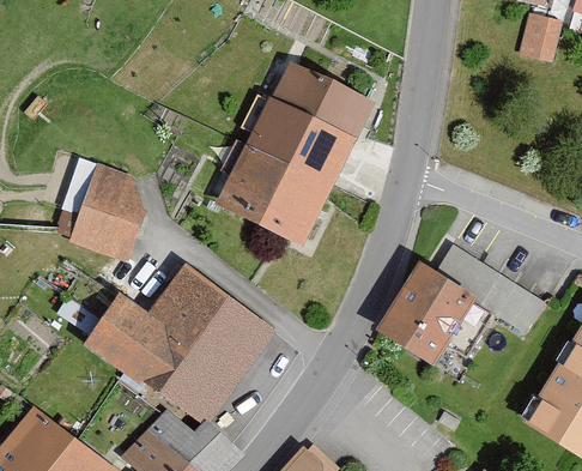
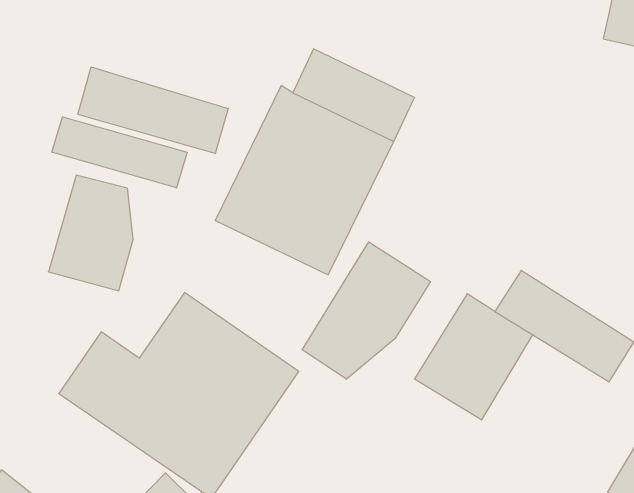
building: none -> [78,67,228,154]
building: none -> [52,117,187,188]
building: none -> [302,242,430,379]

